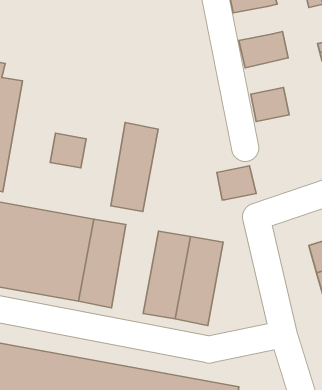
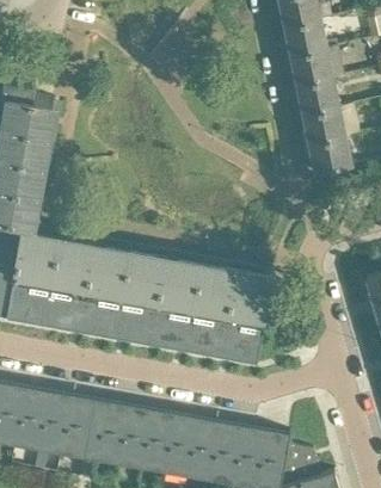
building: none -> [284,20,327,57]
building: none -> [297,79,339,116]
building: [111,123,158,211] -> [152,258,203,354]
building: [50,133,86,168] -> none
building: [217,166,256,200] -> [309,138,352,175]

